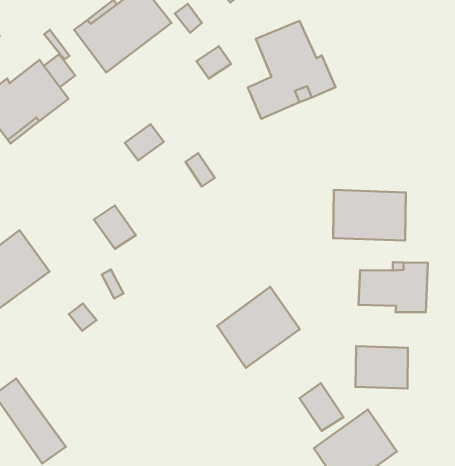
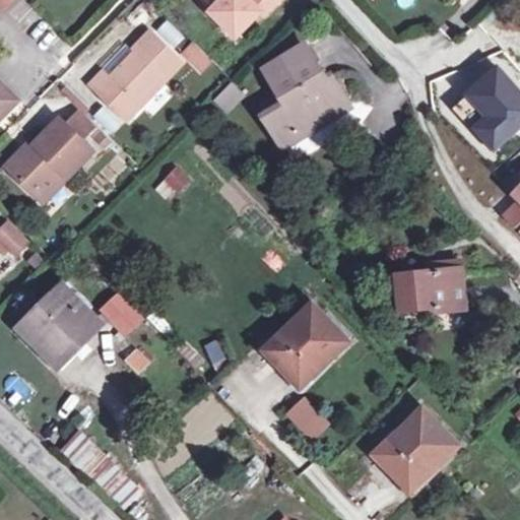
building: [333,190,406,241] -> none
building: [94,206,136,249] -> [99,294,141,335]
building: [356,346,408,389] -> none
building: [300,383,343,431] -> [283,394,328,440]

